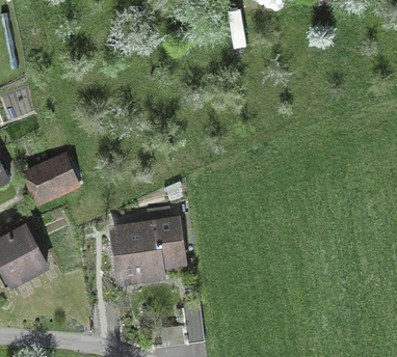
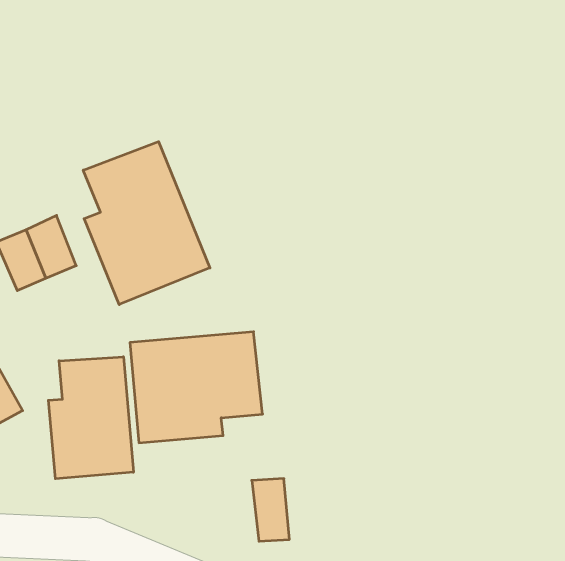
building: none -> [83,142,210,305]
building: none -> [48,357,133,479]

